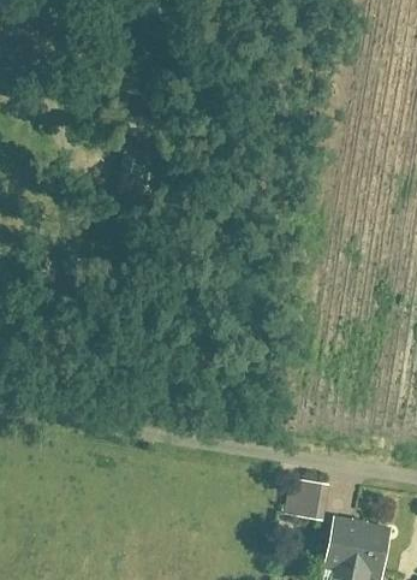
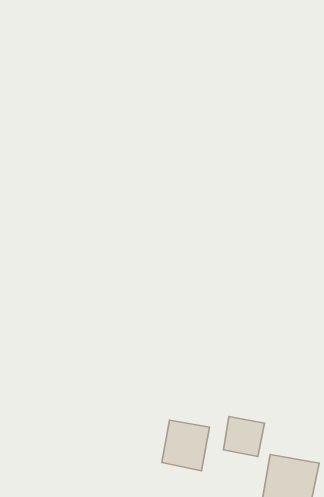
building: none -> [162,420,210,471]

